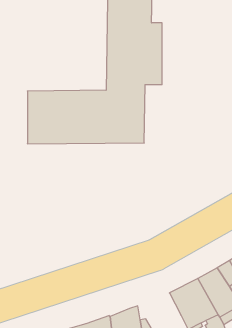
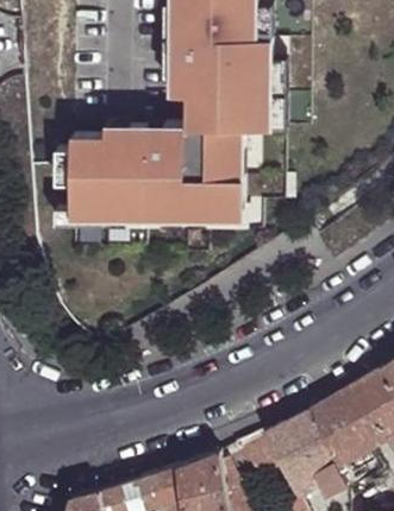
building: none -> [242,430,284,477]

